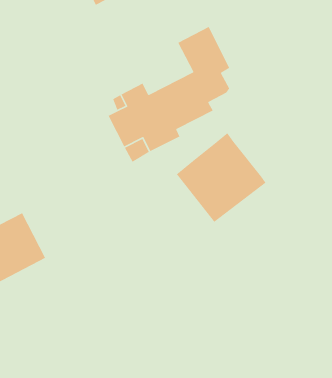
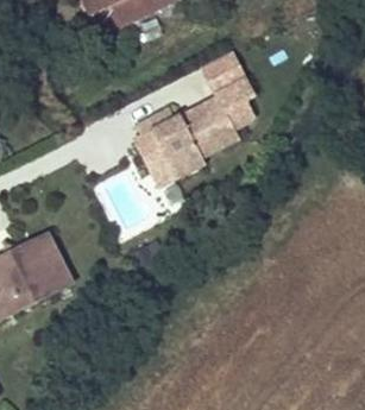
building: [176,132,267,223] -> none

